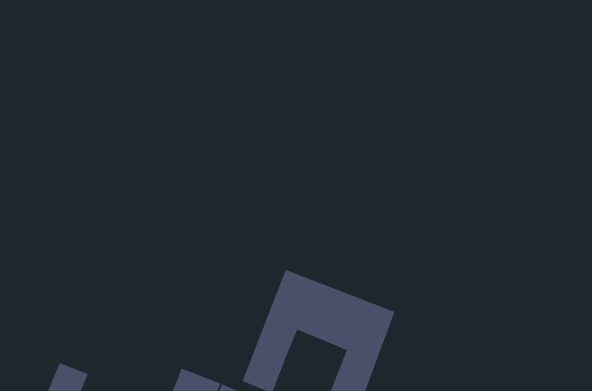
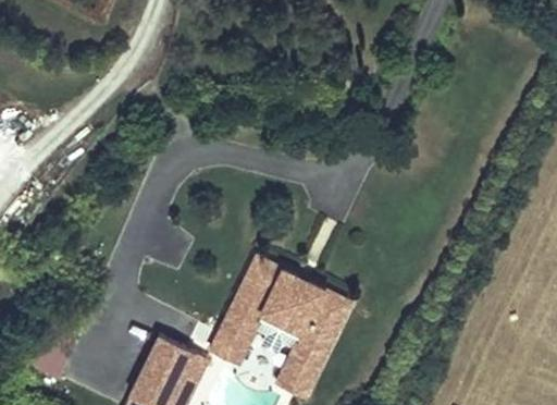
building: none -> [255,311,304,358]

